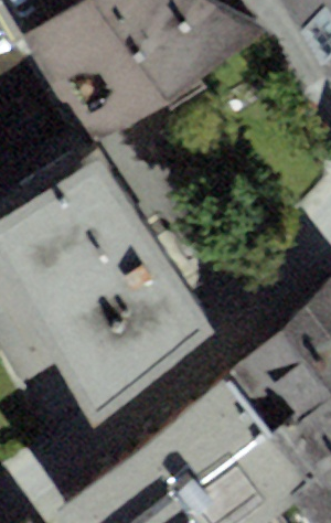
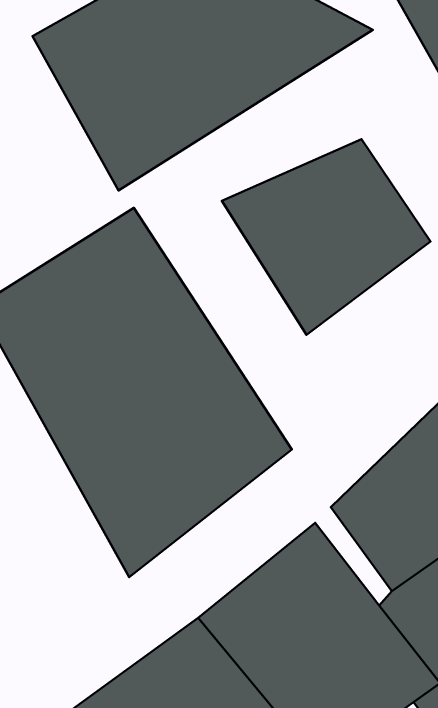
building: none -> [222,139,430,335]

